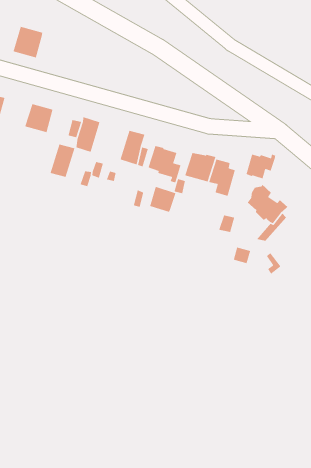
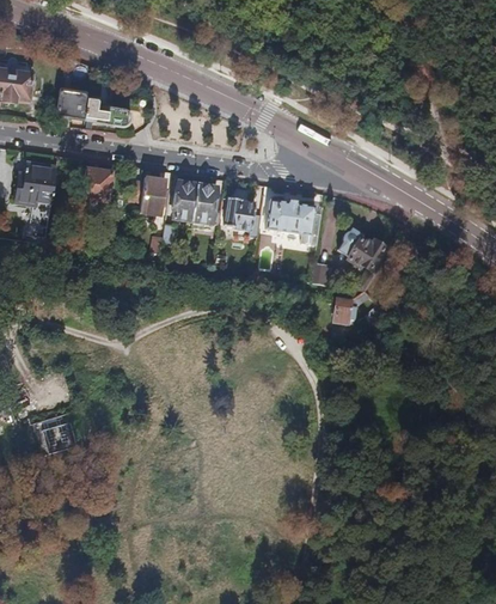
building: none -> [85,94,133,126]
building: [50,143,76,178] -> [172,183,197,220]
building: [245,154,276,179] -> none
building: [149,186,176,213] -> none

